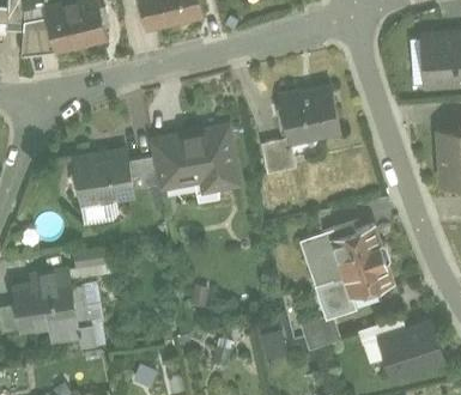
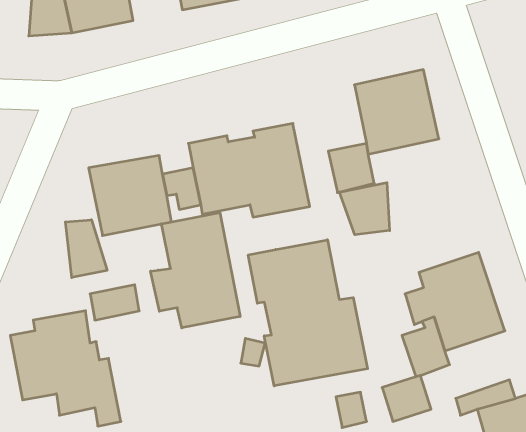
building: none -> [340,183,390,235]
building: none -> [151,212,240,328]
building: none -> [65,220,107,278]
building: none -> [248,240,368,386]

